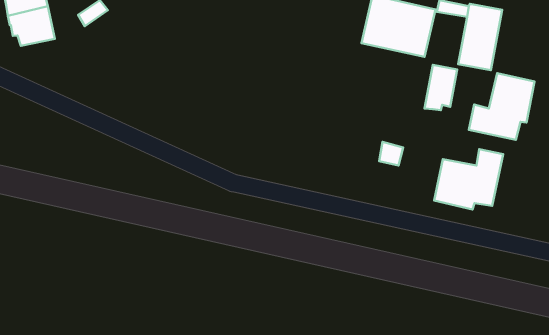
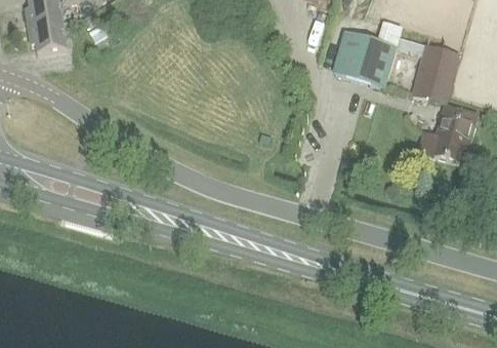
building: [425,65,457,110] -> none
building: [434,149,503,210] -> none

